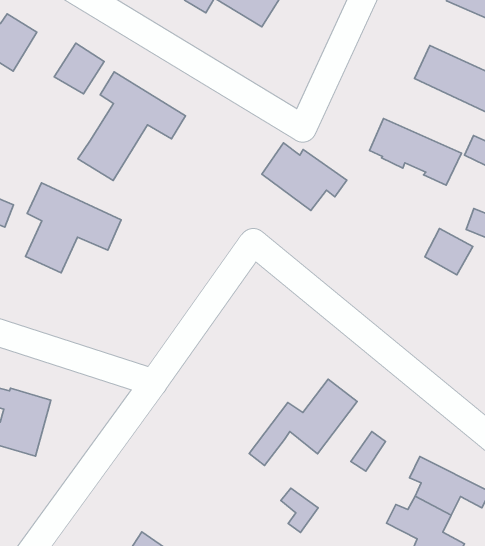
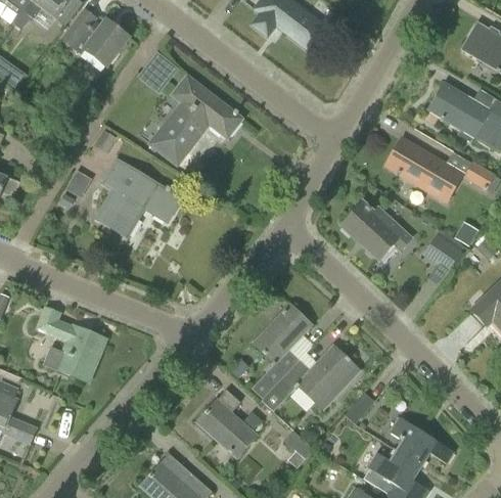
building: [262,143,347,211] -> [341,201,410,259]
building: none -> [252,304,312,398]
building: none -> [197,388,264,456]

